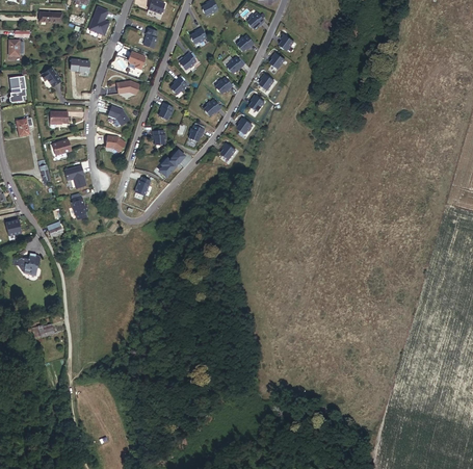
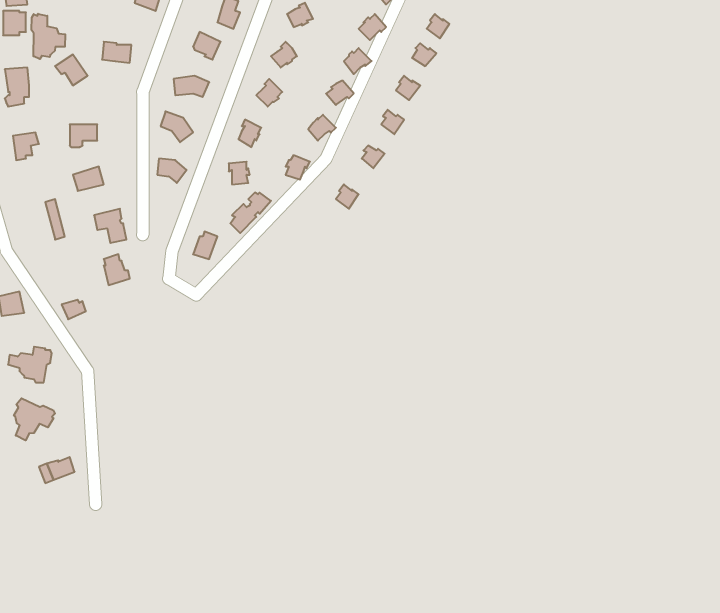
building: none -> [32,14,65,59]
building: none -> [14,398,55,440]

